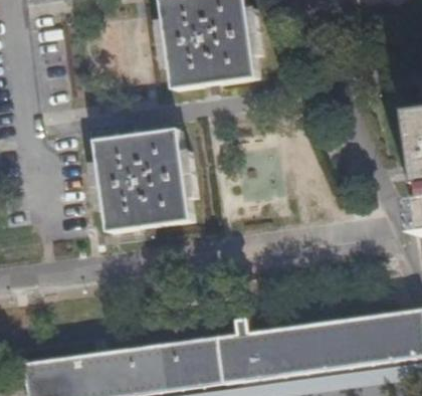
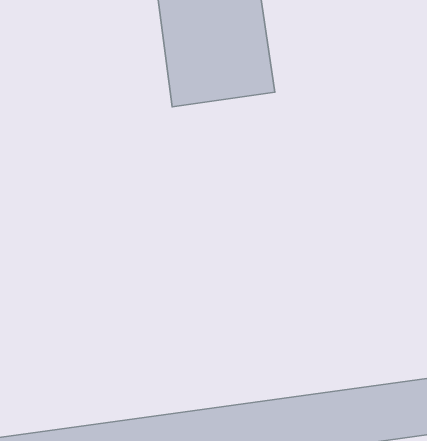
building: [94,132,191,234] -> none

